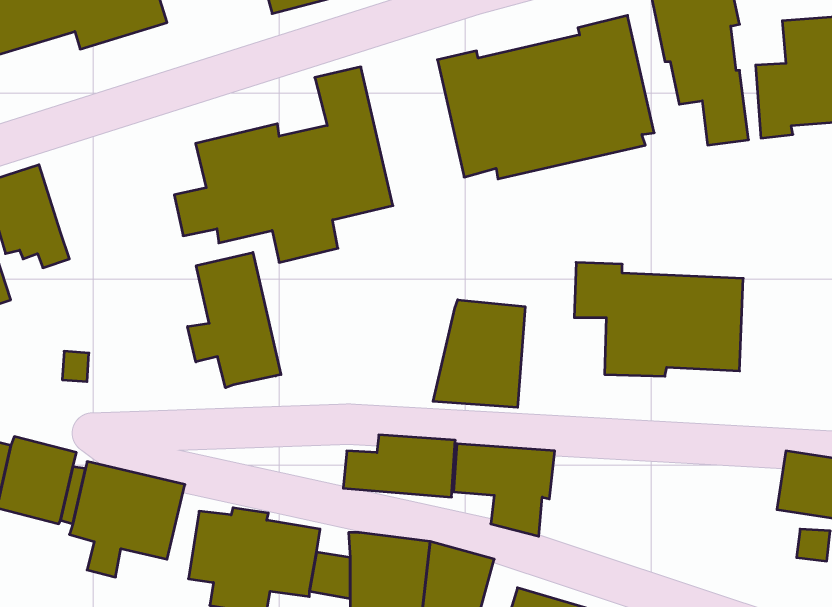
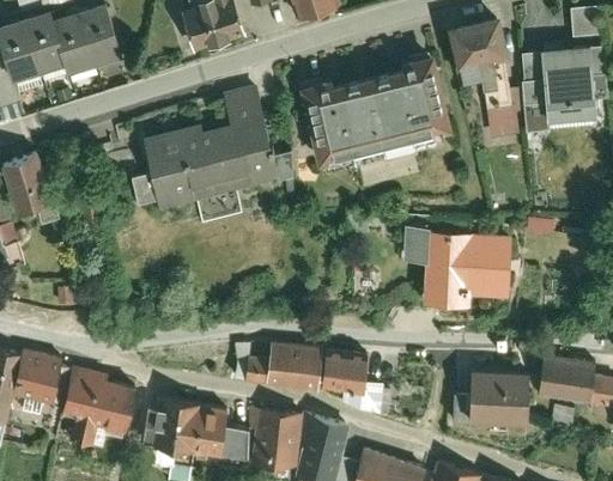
building: [188,252,281,388] -> none
building: [433,300,525,407] -> none
building: none -> [450,365,527,418]

